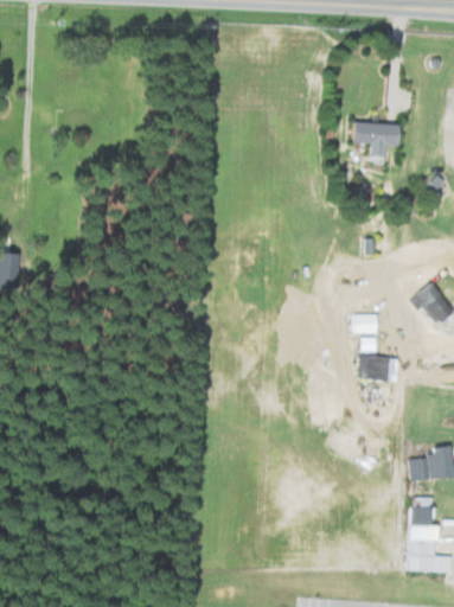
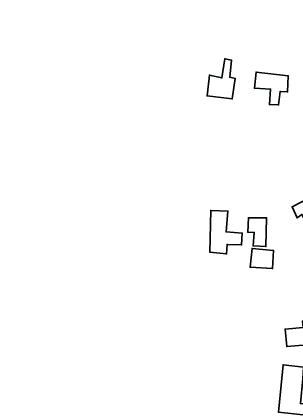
building: none -> [207,59,235,99]
building: none -> [210,211,242,254]

